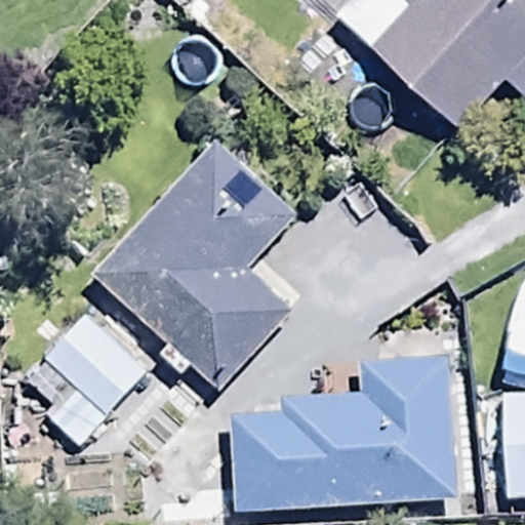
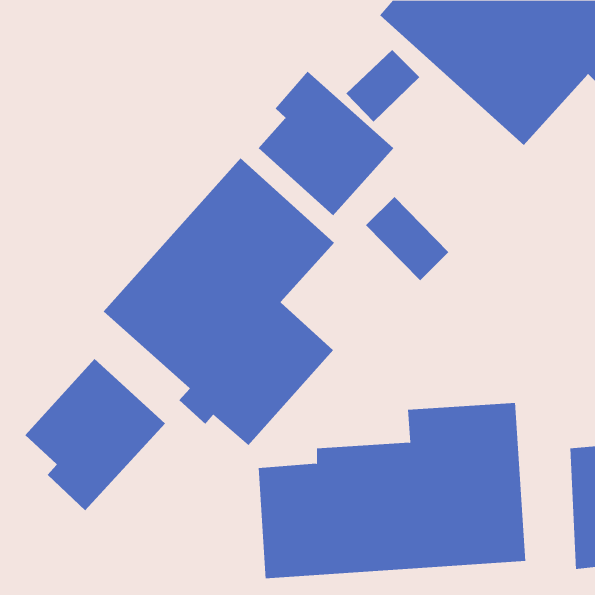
building: none -> [258,71,394,216]

